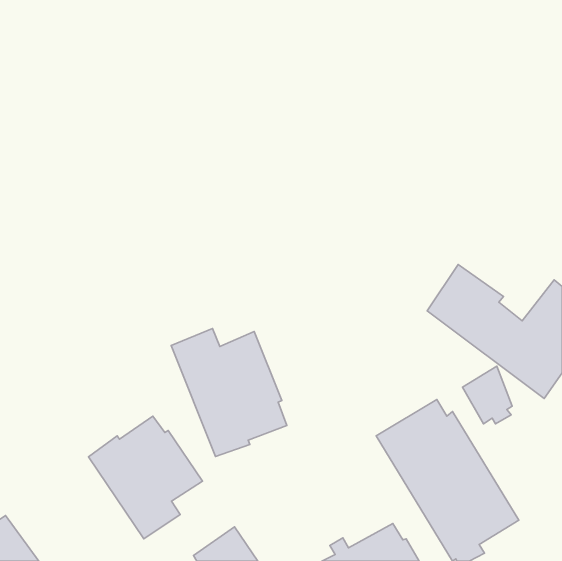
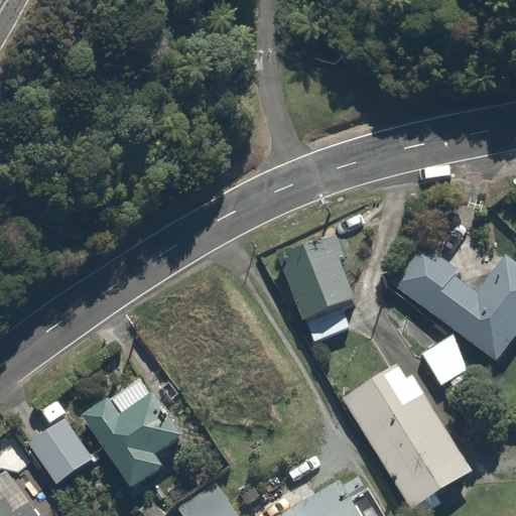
building: none -> [277,234,356,342]
building: [171,329,287,457] -> none
building: none -> [28,419,94,486]

